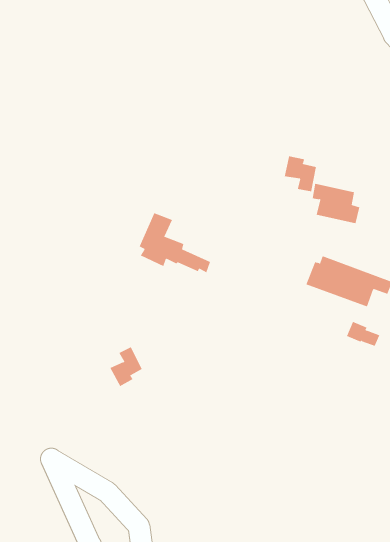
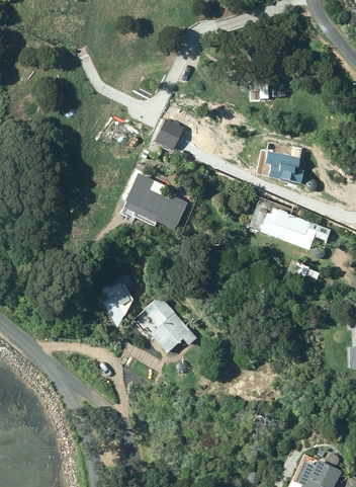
building: none -> [155,118,184,149]
building: [284,155,316,192] -> none
building: none -> [144,295,196,352]

